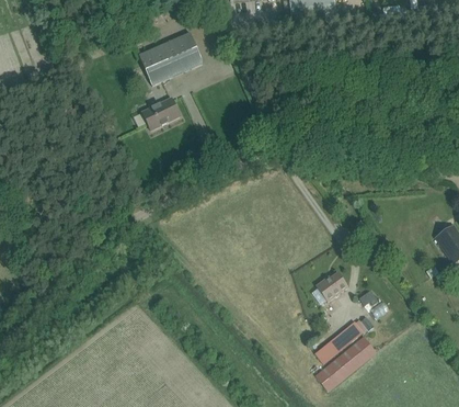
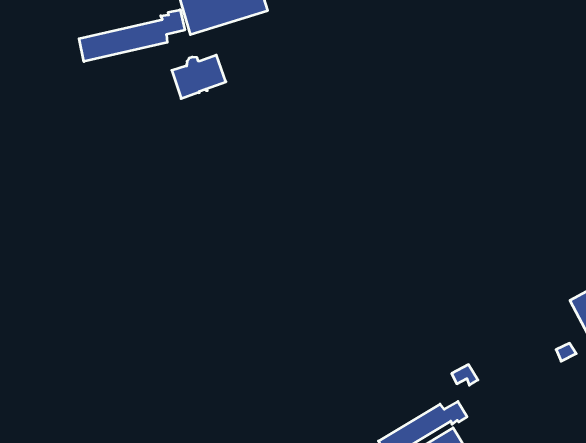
building: none -> [79,10,185,62]
building: [317,273,347,302] -> none

